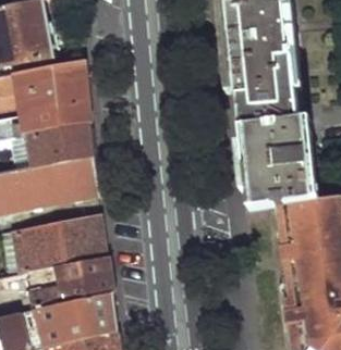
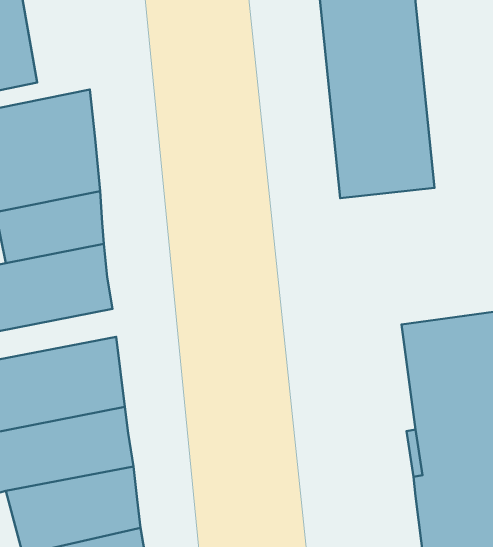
building: [241,118,318,208] -> none

